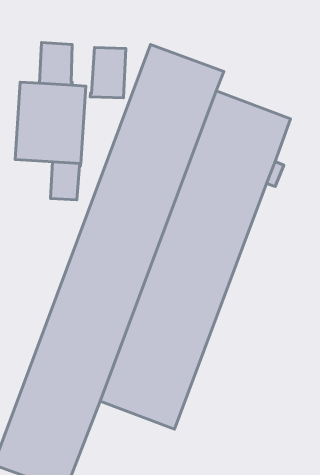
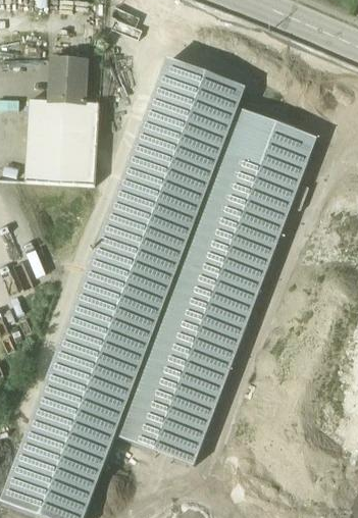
building: [90,48,126,98] -> none
building: [50,162,81,200] -> none

